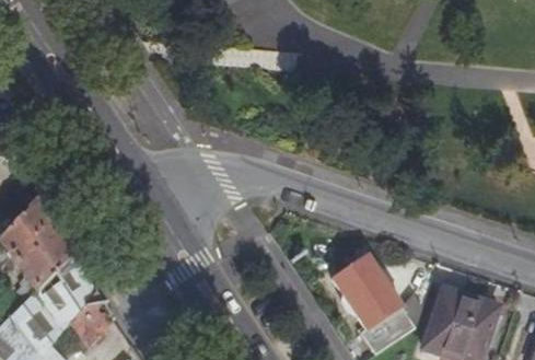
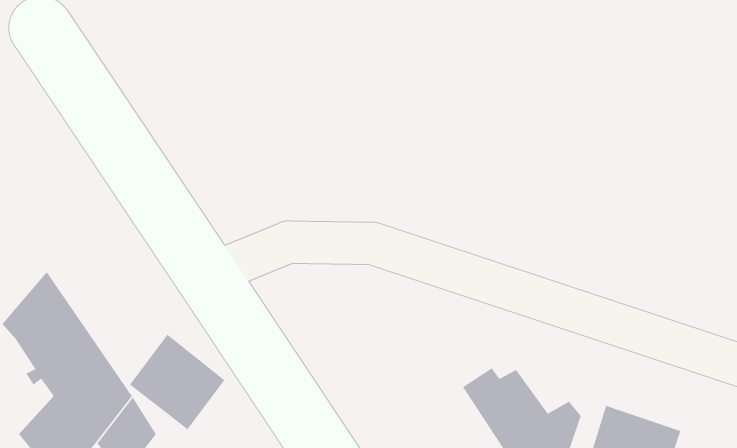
building: none -> [129,334,225,430]

